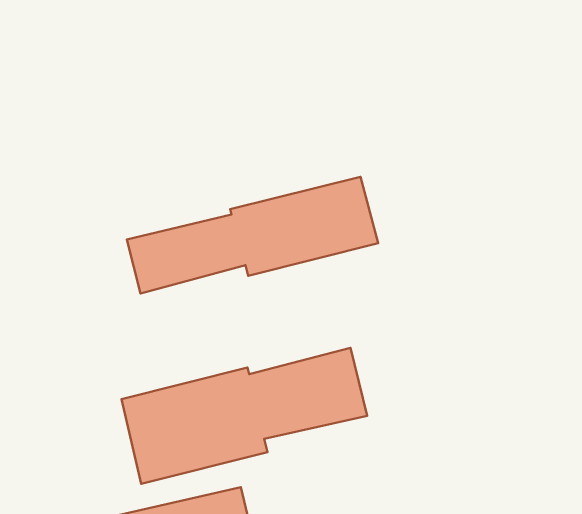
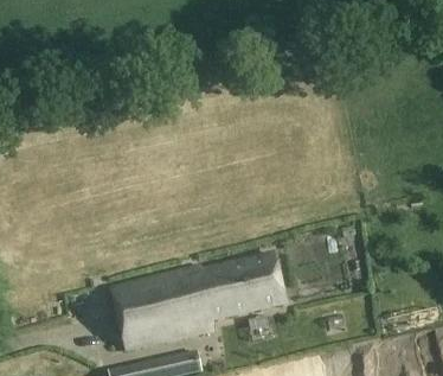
building: [127,177,378,293] -> none

